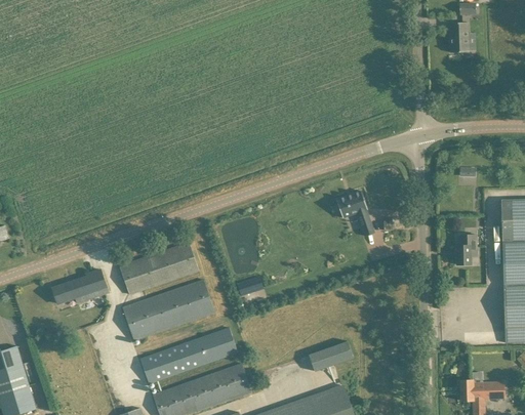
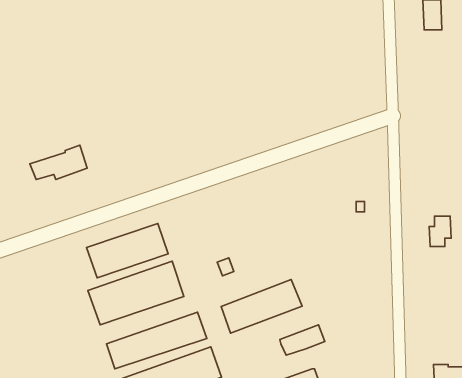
building: [336,190,374,235] -> none
building: [52,268,109,302] -> [30,145,87,180]
building: none -> [221,279,302,333]

